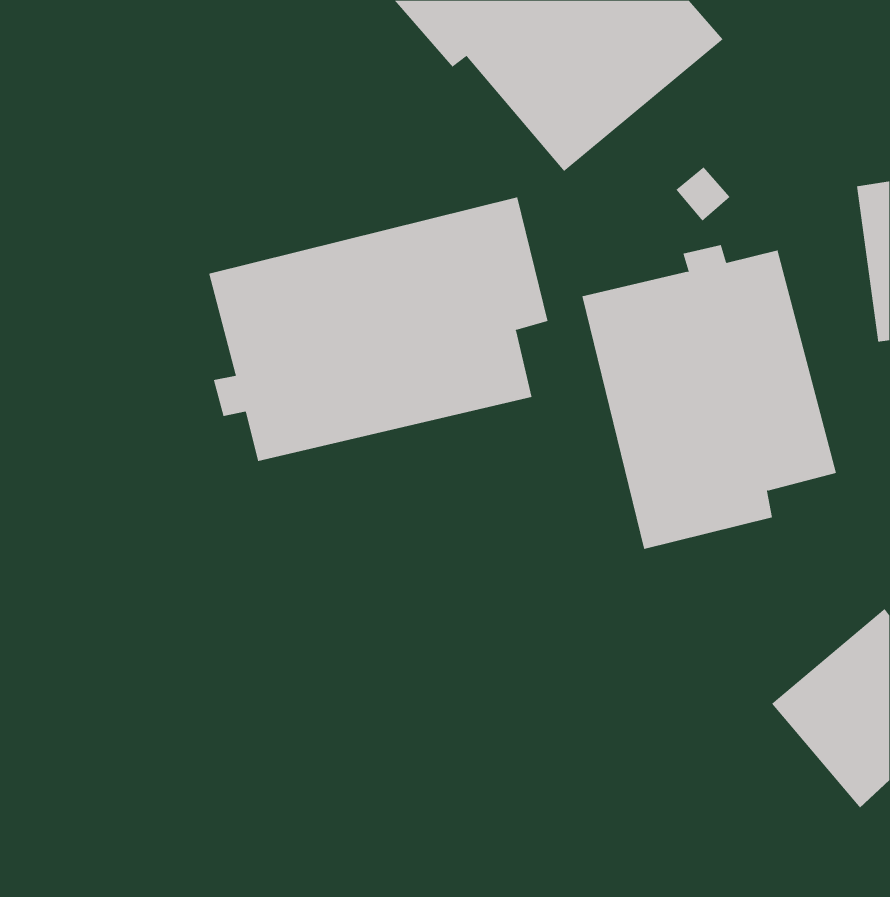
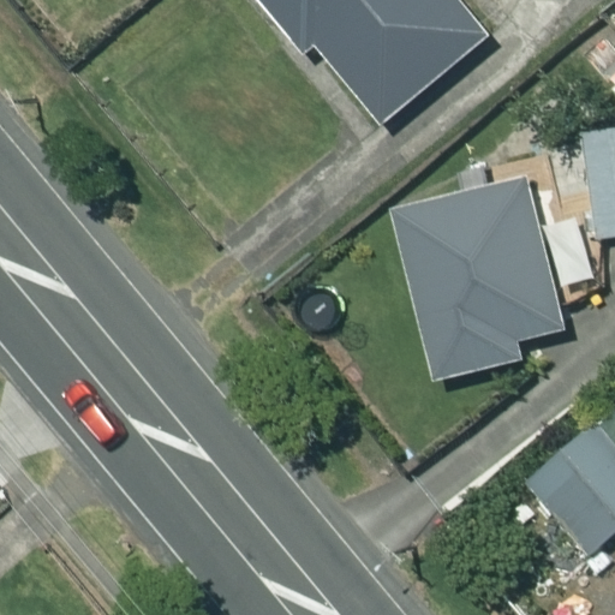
building: [208,197,548,462] -> none

